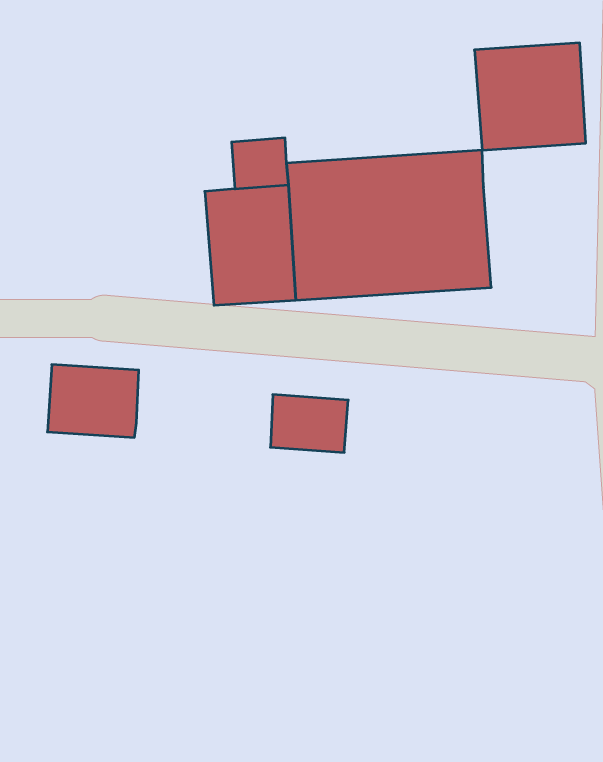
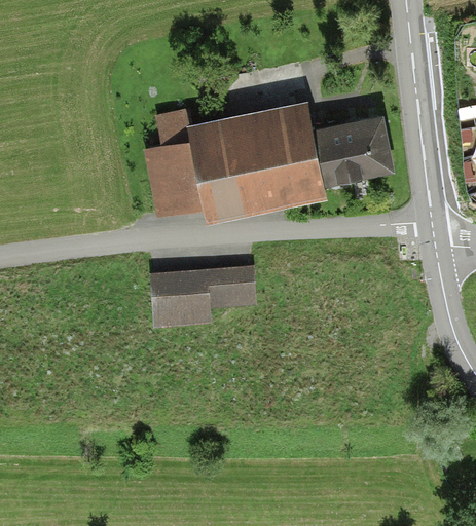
building: [474,43,586,150] -> [318,113,395,188]
building: [47,365,139,437] -> [150,273,208,320]

